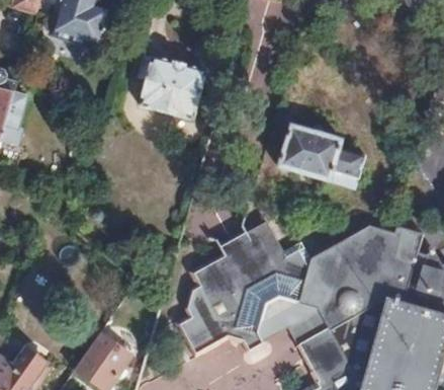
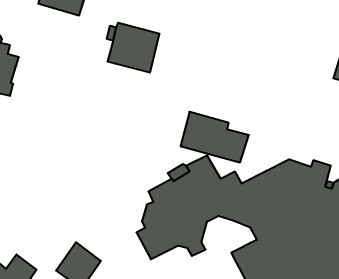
building: [278,125,364,188] -> [181,112,249,162]
building: [257,299,327,345] -> none

